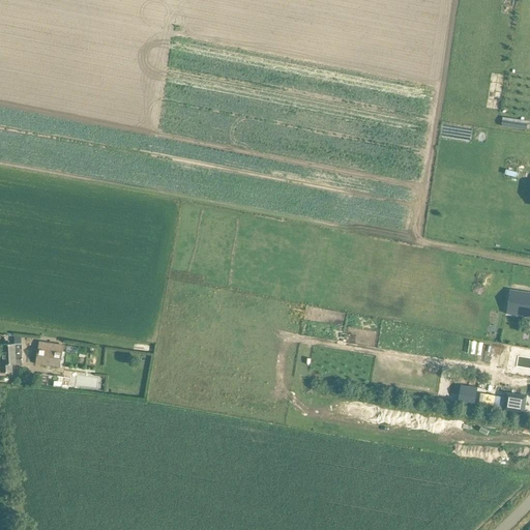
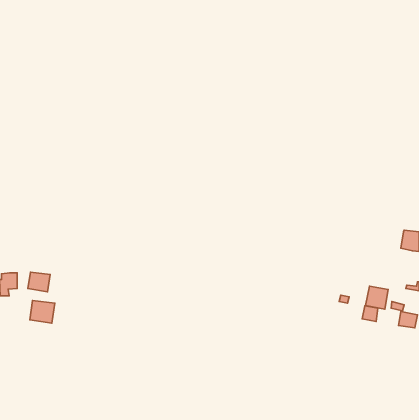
building: none -> [366,286,388,309]
building: none -> [30,300,55,323]

